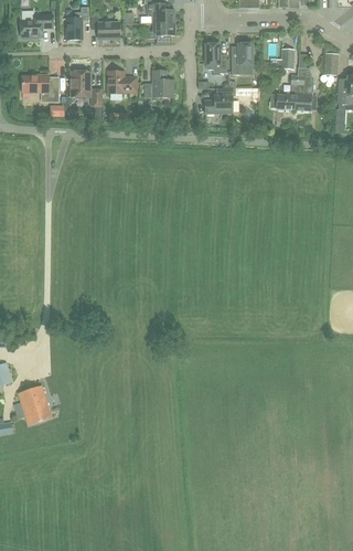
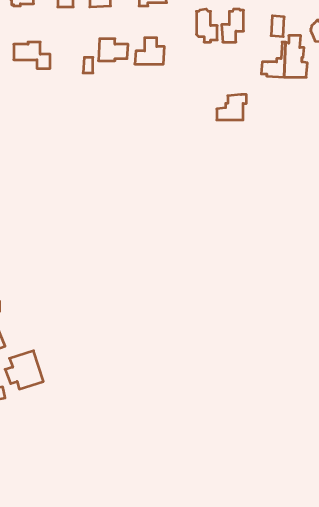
building: [71,71,90,95] -> none
building: [205,86,235,112] -> [217,95,246,120]

